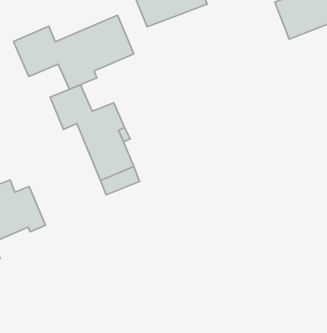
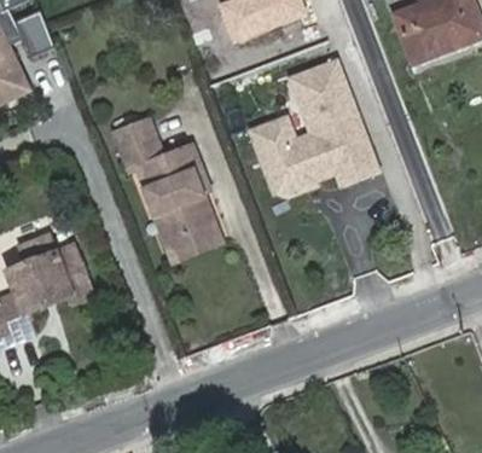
building: [14,15,134,89] -> none
building: none -> [249,60,373,187]

